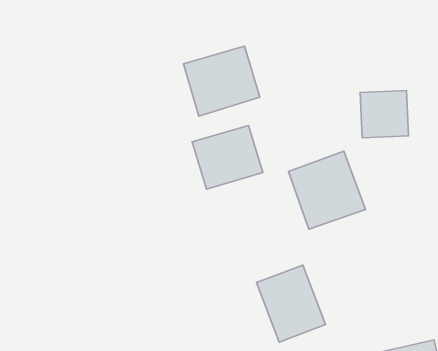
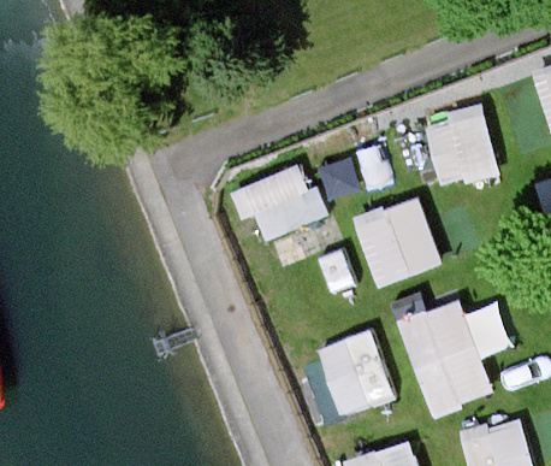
building: [184,46,260,116] -> none
building: none -> [398,295,517,415]

